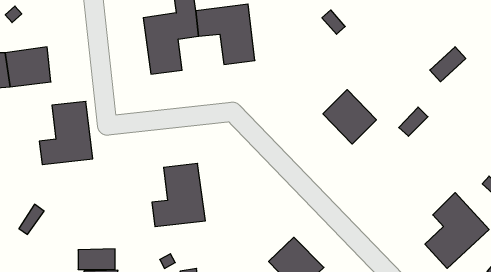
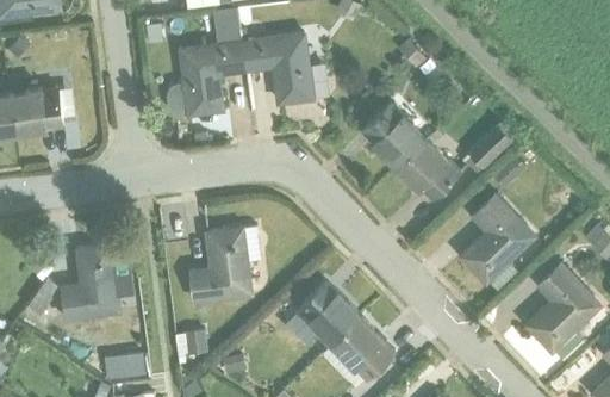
building: [430,47,466,82] -> [468,126,512,169]
building: none -> [360,99,427,166]
building: [39,101,93,165] -> [55,243,120,321]
building: none -> [456,196,536,289]
building: none -> [294,280,361,347]

